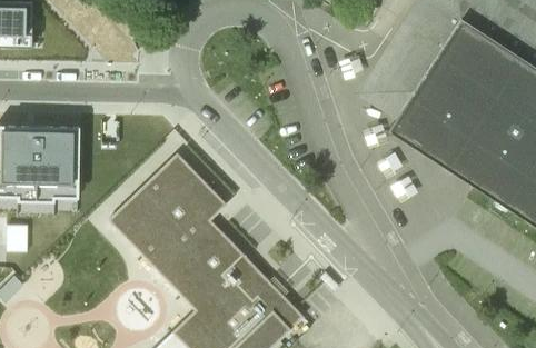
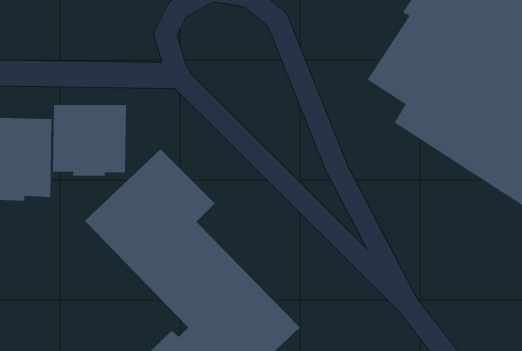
building: none -> [53,104,126,176]

